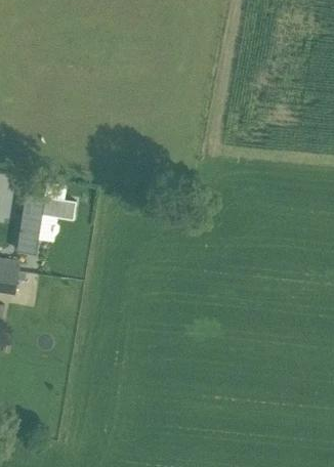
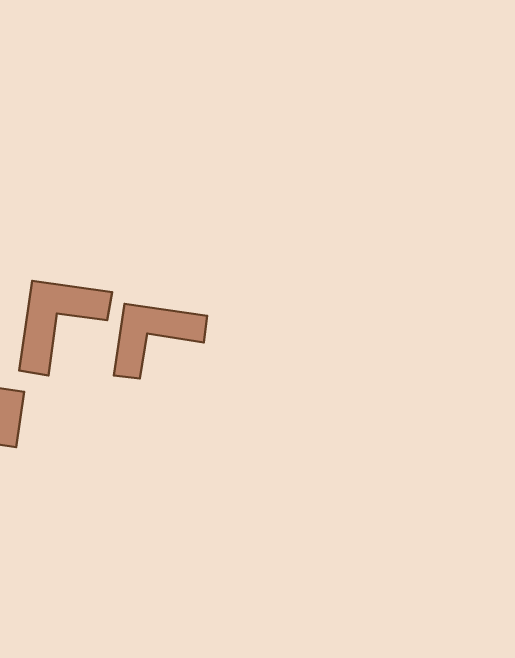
building: none -> [114,304,207,379]

